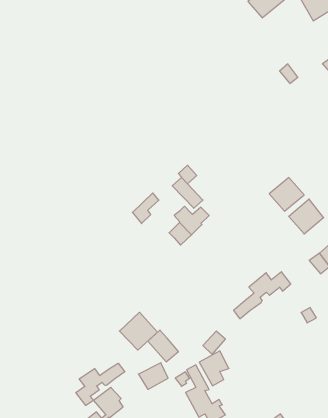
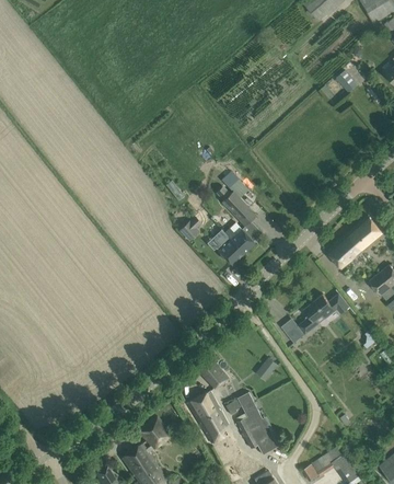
building: [269,178,304,211] -> [326,233,363,269]
building: [119,312,157,350] -> none
building: [199,351,229,386] -> [196,406,228,443]
building: [76,363,125,405] -> none

